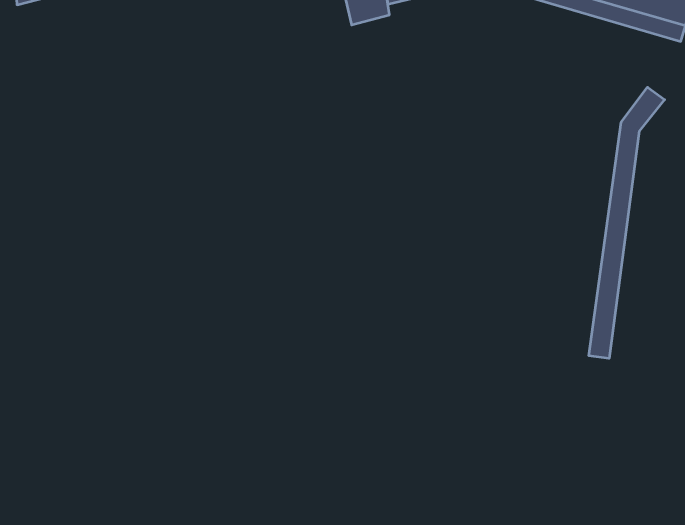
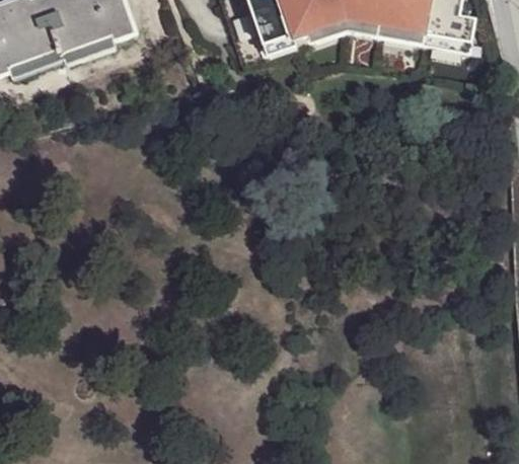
building: [589,87,665,358] -> none

